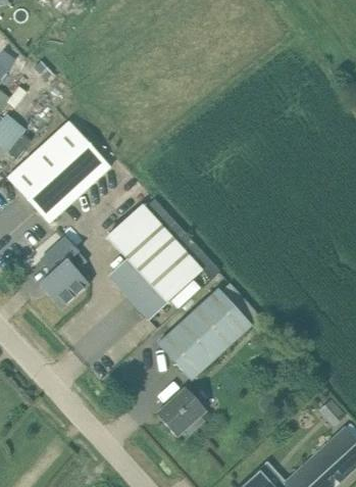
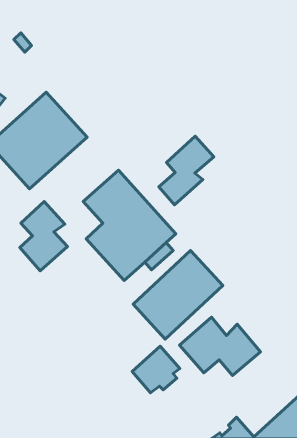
building: none -> [159,136,214,205]
building: none -> [179,317,260,375]

